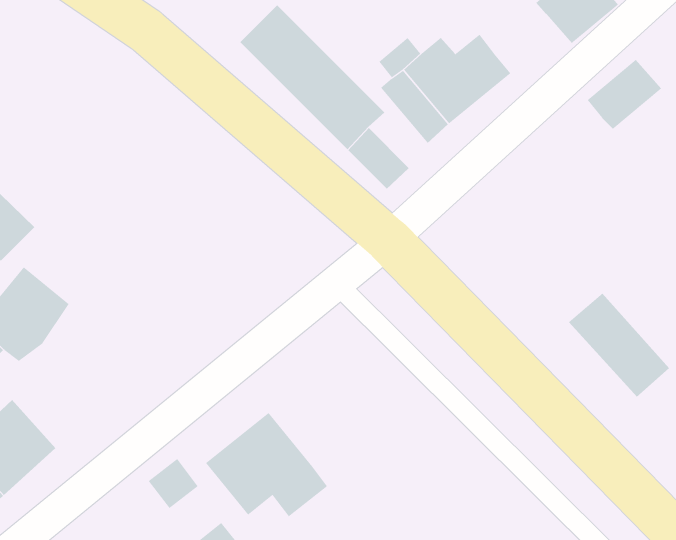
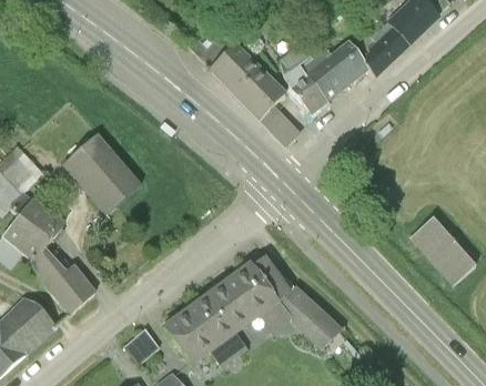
building: [587,59,662,130] -> [358,28,409,75]
building: none -> [64,133,148,220]
building: none -> [204,248,334,348]
building: none -> [34,251,98,314]

